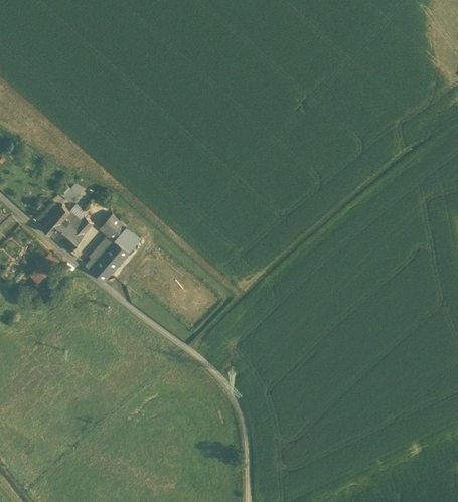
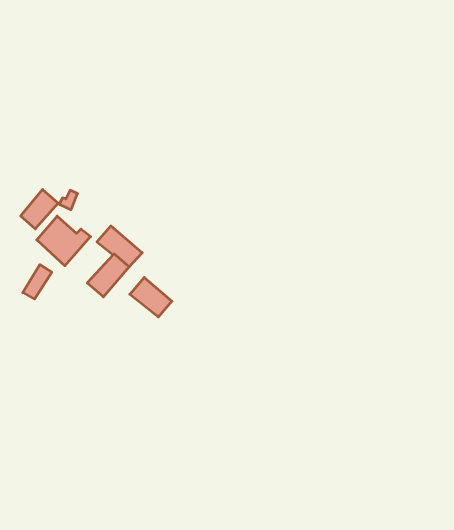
building: none -> [21,189,58,229]
building: none -> [130,277,172,317]

